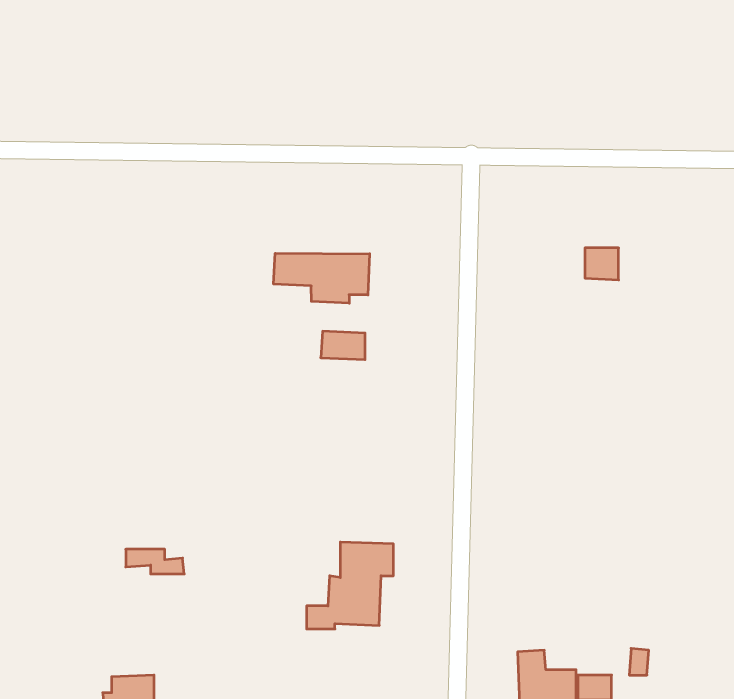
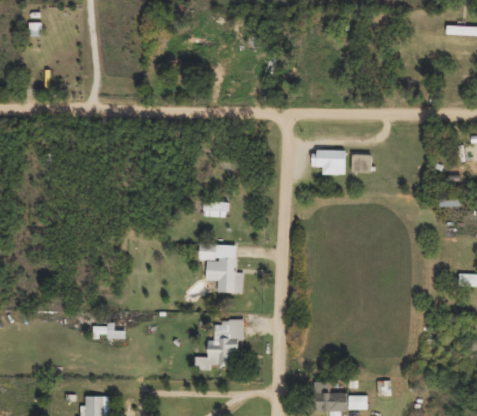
building: none -> [312,150,346,174]
building: [274,253,370,303] -> none
building: none -> [199,244,244,293]

